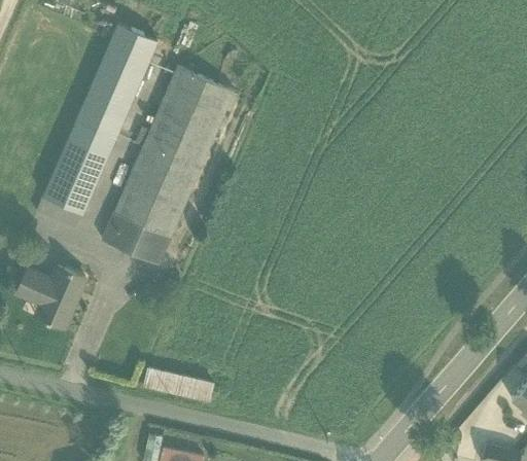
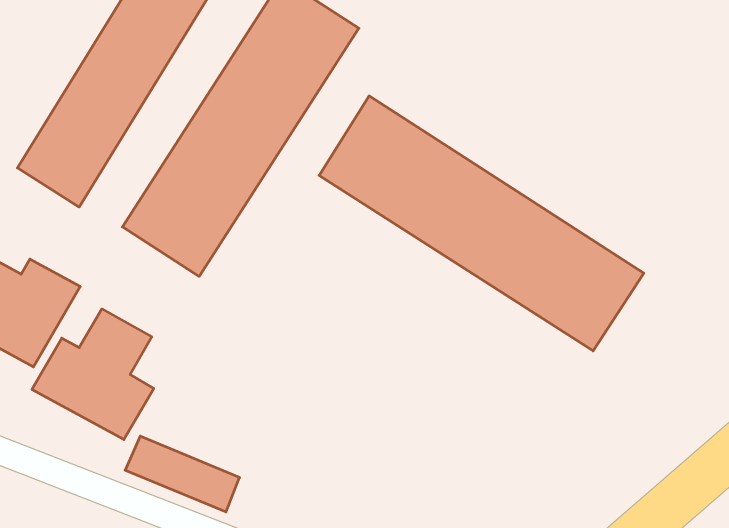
building: none -> [319,96,644,351]
building: none -> [32,309,154,440]

